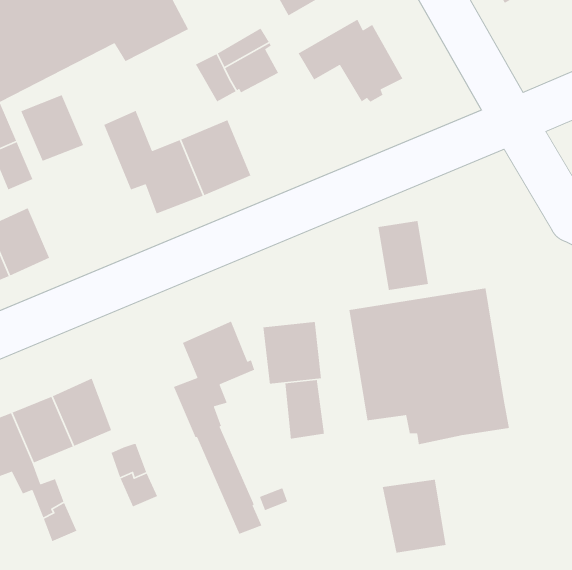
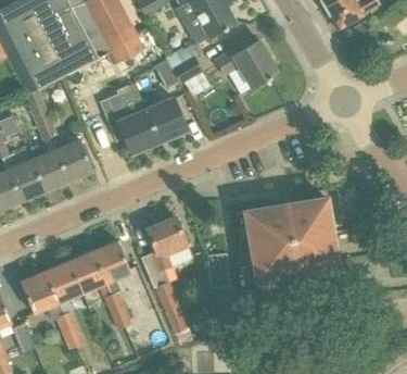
building: [20,94,84,162] -> [54,140,92,180]
building: [377,220,429,291] -> none
building: [263,321,322,384] -> none
building: none -> [92,241,129,283]
building: [382,479,446,554] -> none

